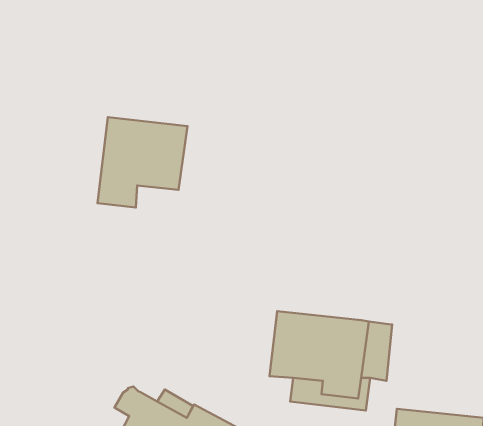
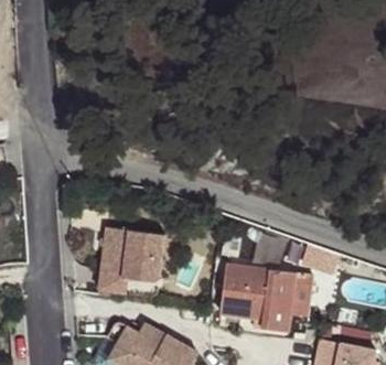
building: [97,117,188,208] -> [98,226,165,293]

